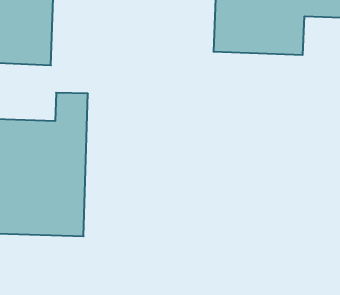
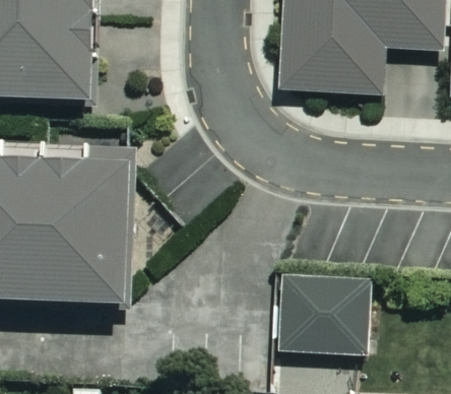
building: none -> [282,273,367,352]

